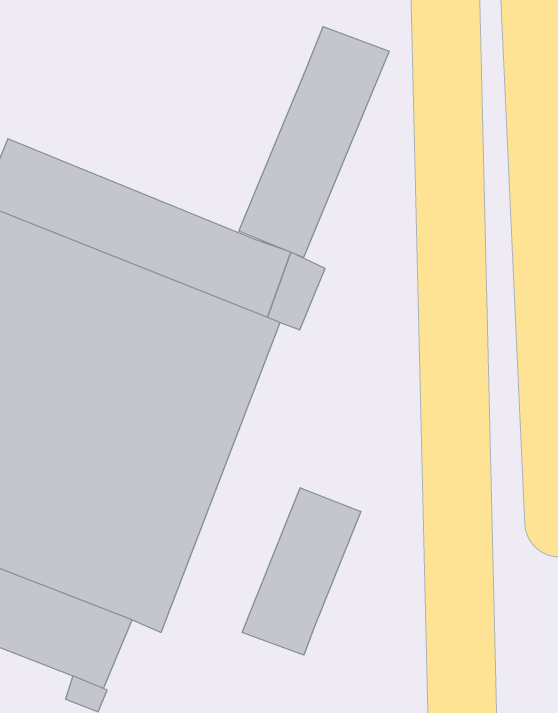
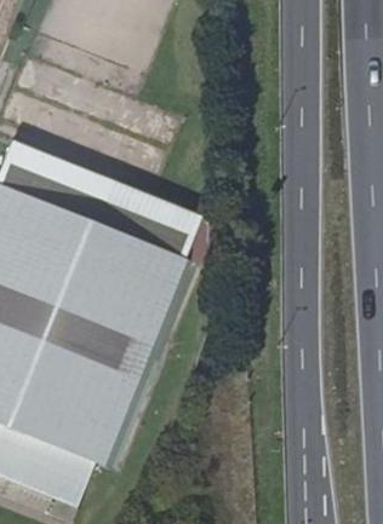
building: [239,27,389,257] -> none
building: [242,488,361,655] -> none

